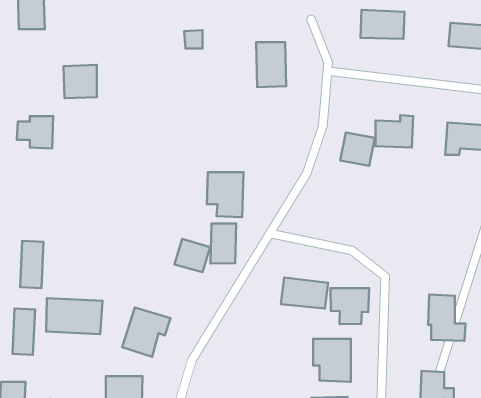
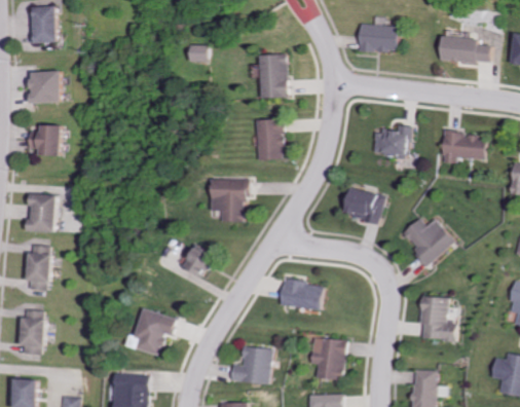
building: [63,65,97,98] -> [29,71,61,103]
building: none -> [254,119,281,159]
building: [340,132,375,166] -> [343,188,376,220]
building: none -> [32,194,59,232]
building: none -> [400,218,453,264]
building: [211,223,236,264] -> none
building: [330,288,369,324] -> none
building: [46,298,102,334] -> none
building: none -> [230,346,271,383]

